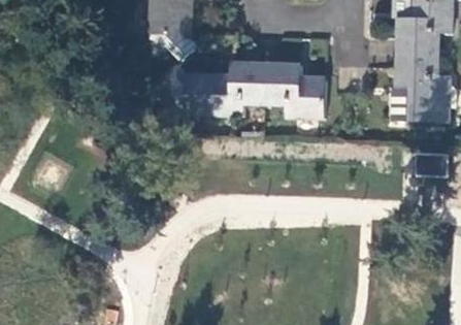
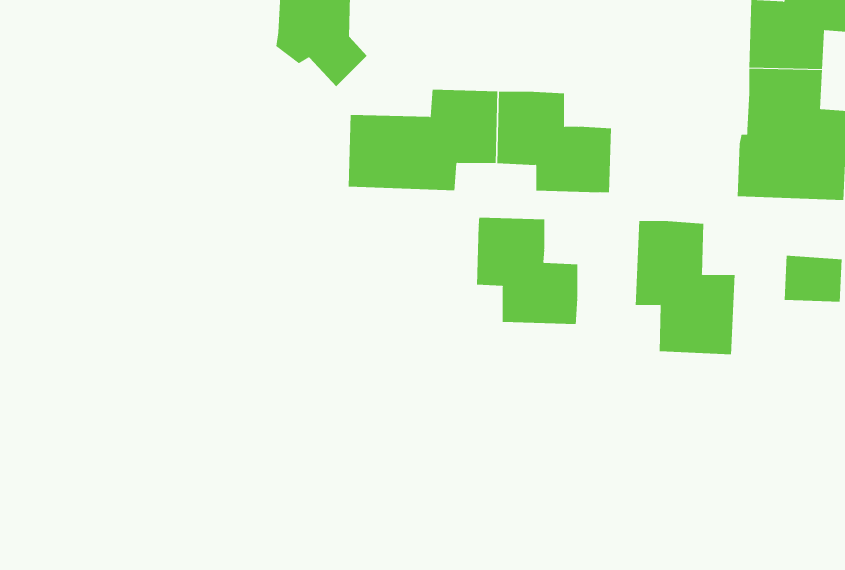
building: none -> [476,217,578,325]
building: none -> [635,220,735,355]

